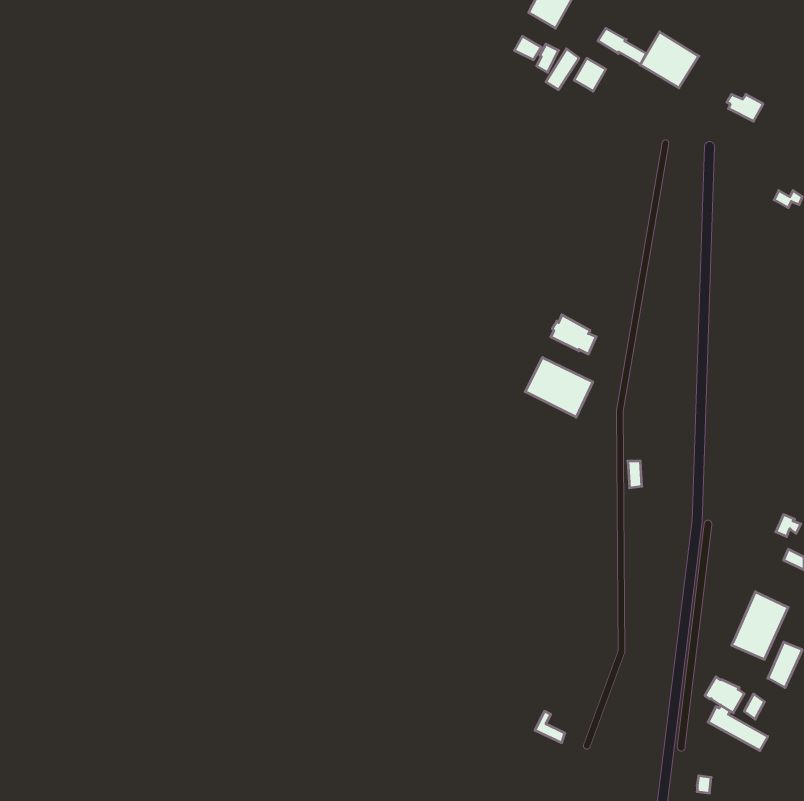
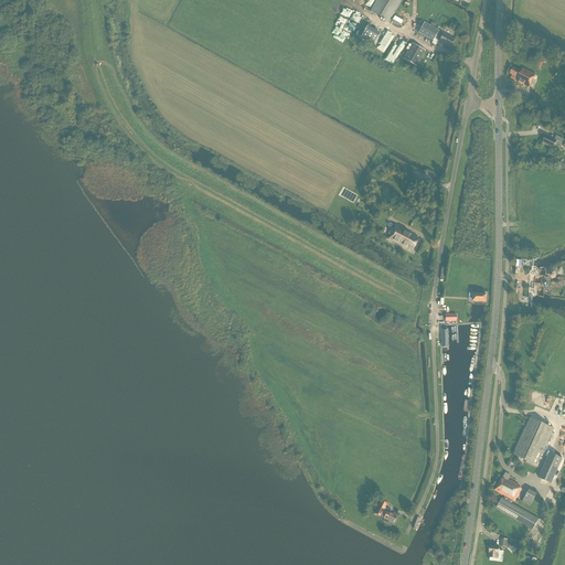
building: [640,32,699,88] -> none
building: [525,357,593,417] -> none

